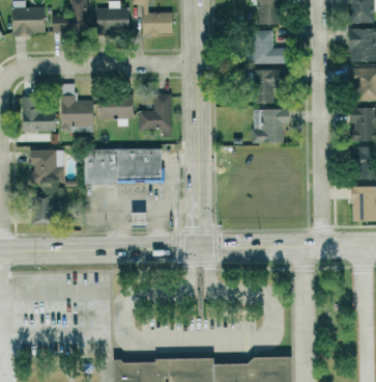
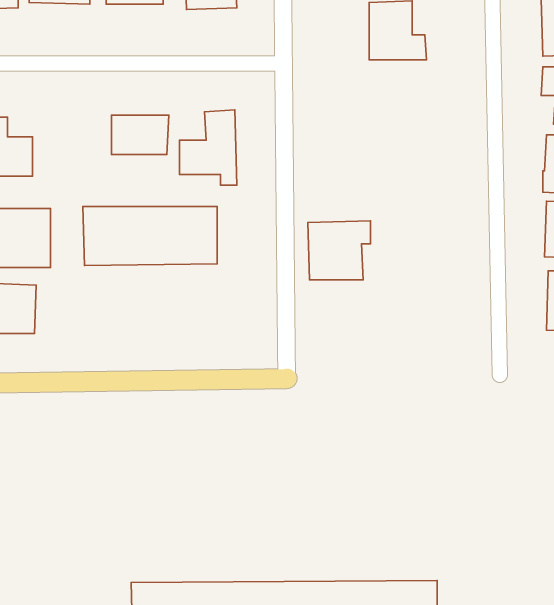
building: [251,71,276,104] -> none
building: [61,84,93,129] -> none
building: [253,109,289,143] -> [308,221,370,280]

